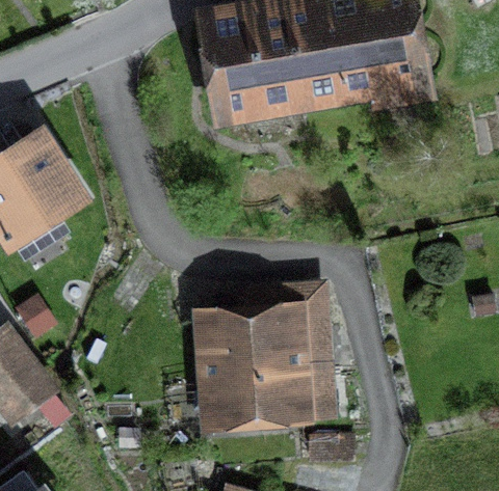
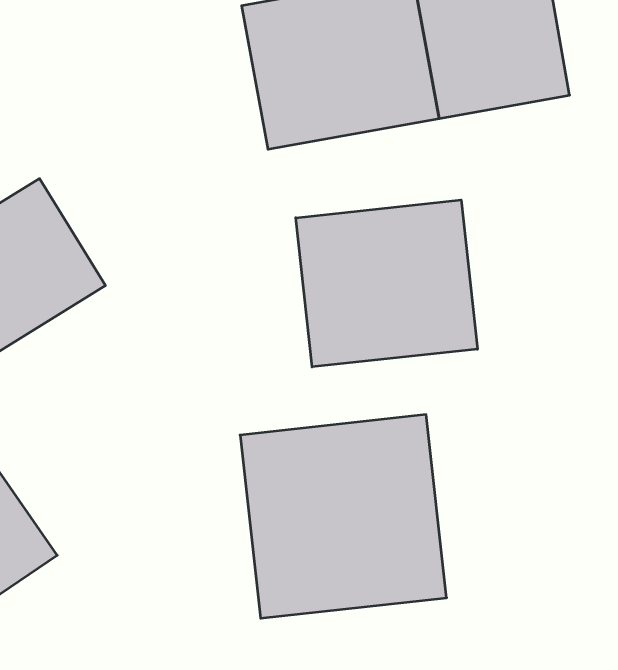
building: none -> [296,200,477,367]

